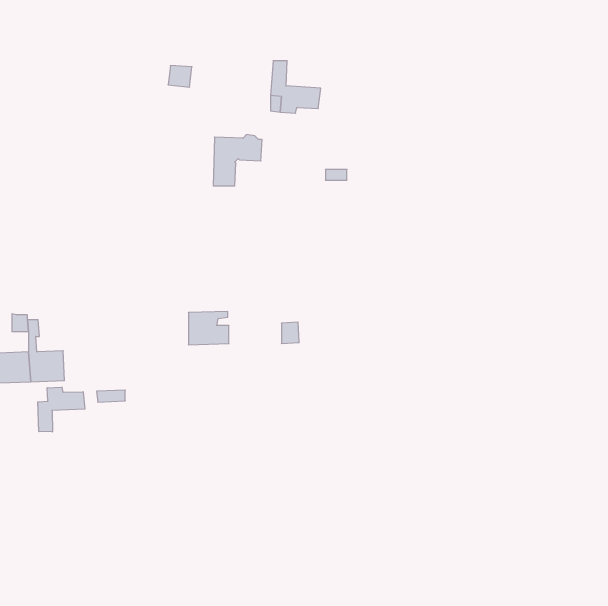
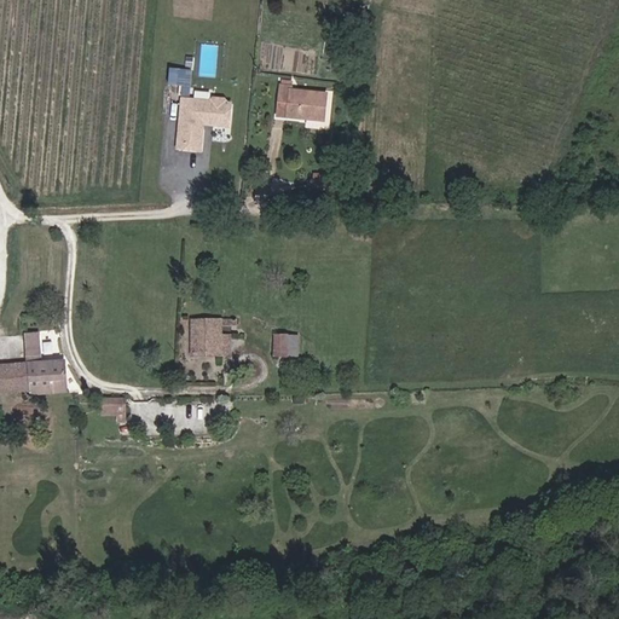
building: [213,135,262,186] -> [178,102,227,154]
building: [38,387,85,432] -> none

